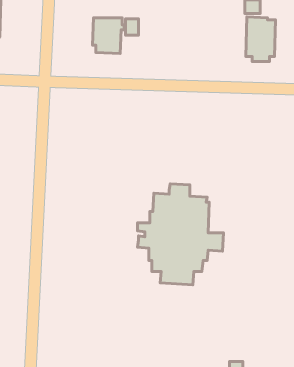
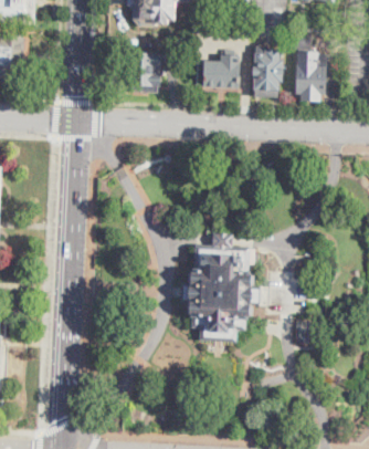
building: none -> [251,45,282,97]
building: none -> [202,54,240,87]

